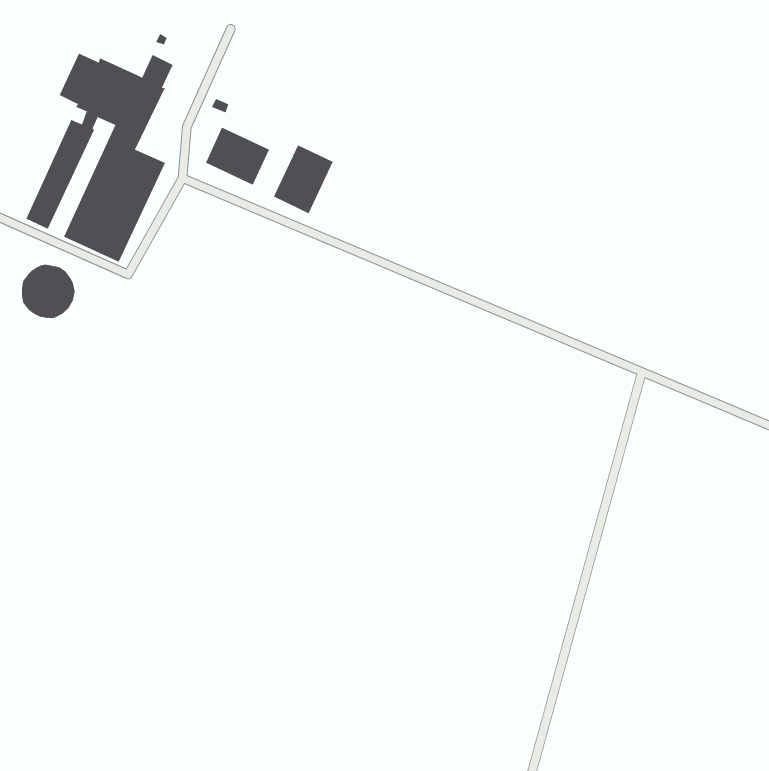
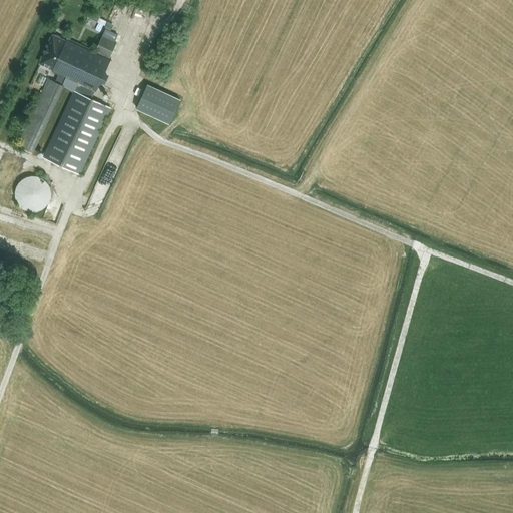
building: [273,144,333,214] -> none

